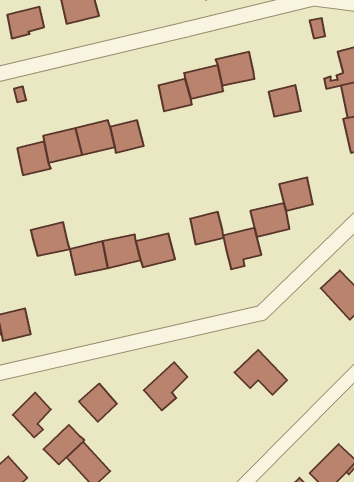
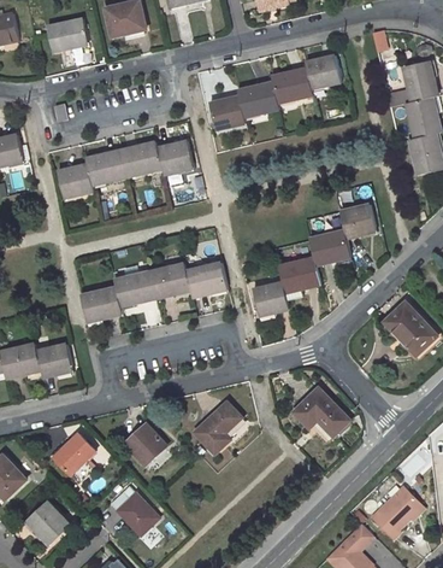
building: [269,85,301,116] -> [306,54,341,88]
building: [190,212,224,244] -> [253,281,289,316]
building: [31,222,70,256] -> [81,286,123,322]
building: [43,425,84,464] -> none

